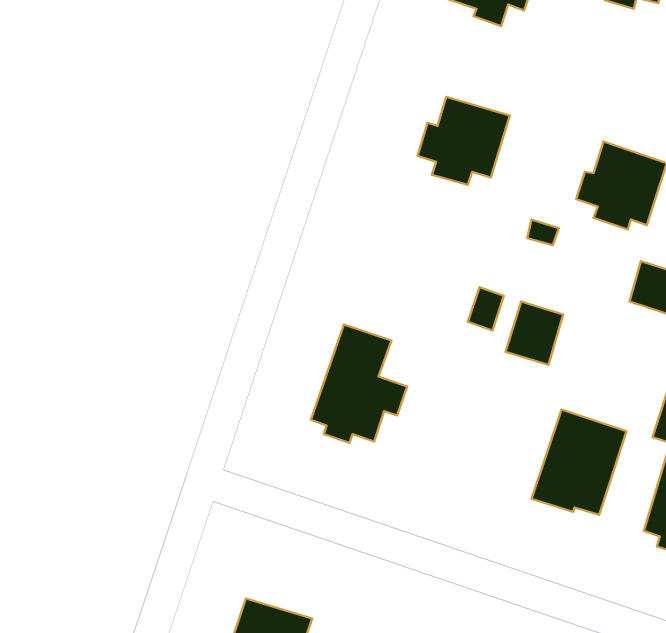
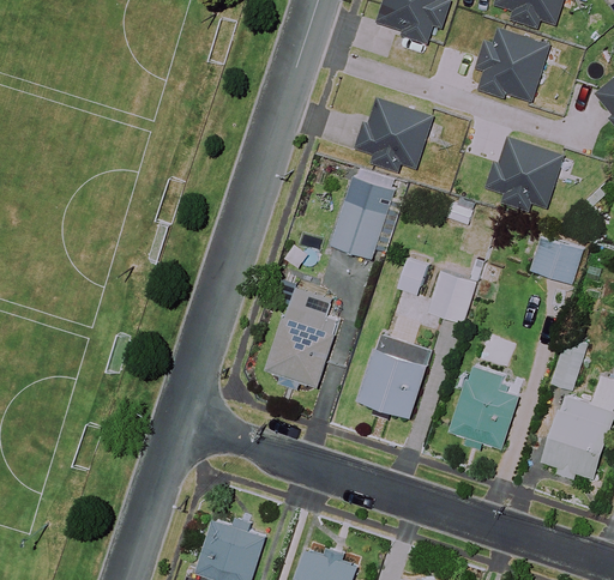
building: none -> [478,30,546,102]
building: none -> [329,173,403,260]
building: none -> [357,333,431,416]

